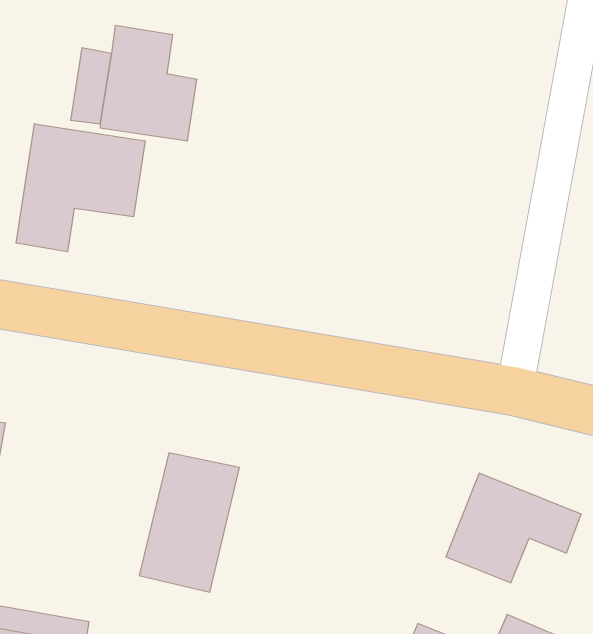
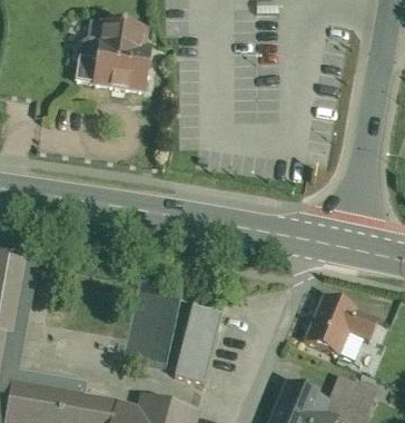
building: [16,124,145,252] -> none
building: none -> [168,299,216,376]

